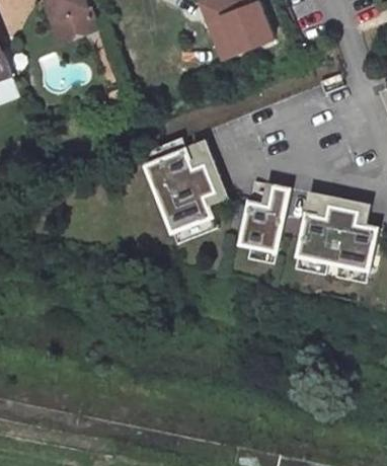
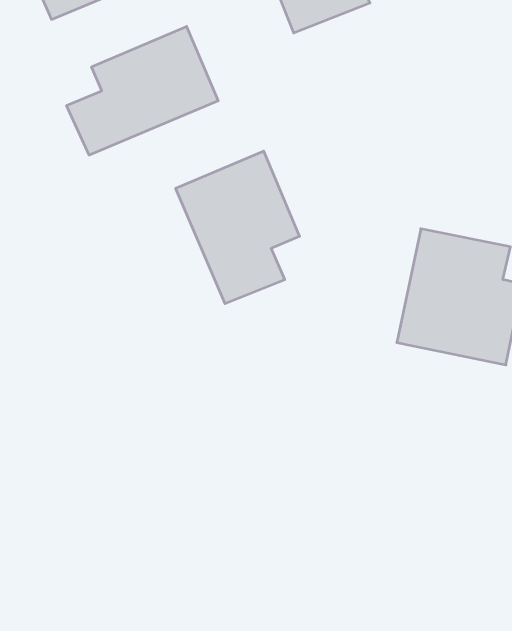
building: none -> [67,26,218,155]
building: [241,179,290,262] -> none

